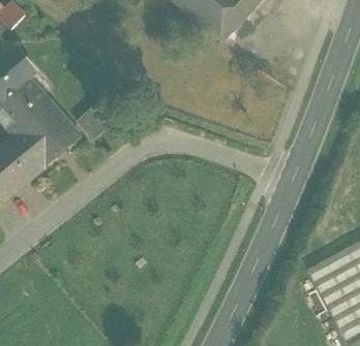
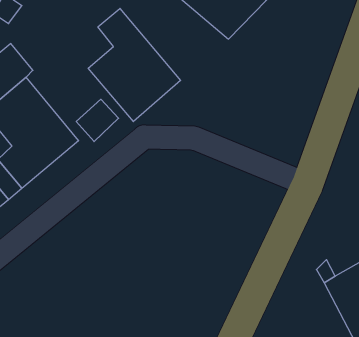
building: none -> [88,8,181,122]

